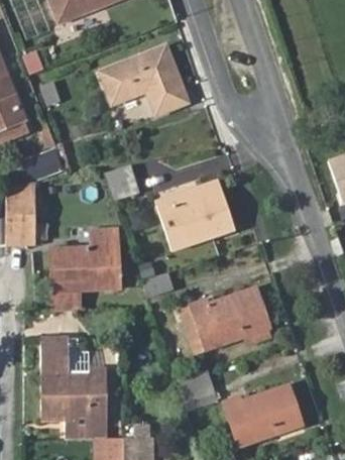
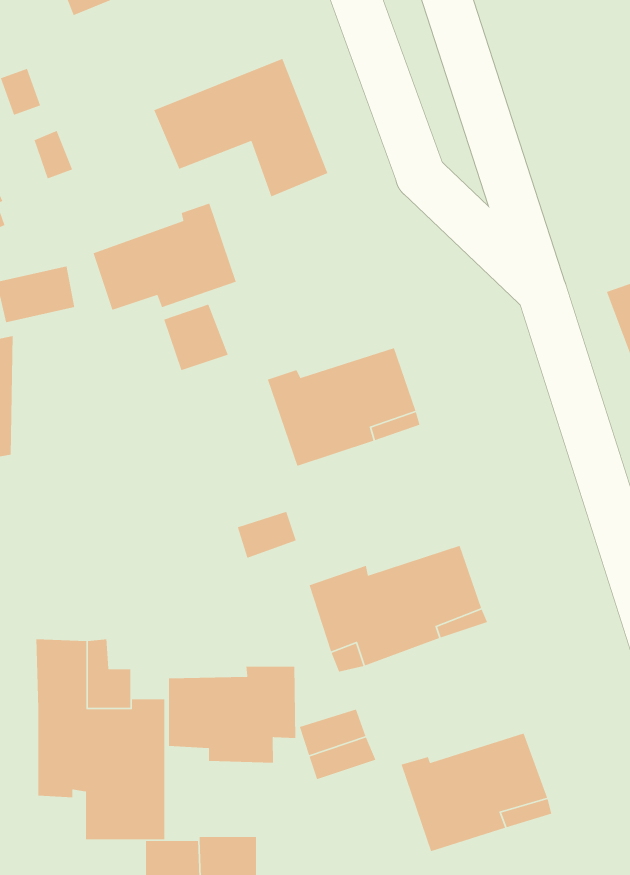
building: none -> [93,203,237,311]
building: [49,221,123,311] -> none
building: none -> [168,666,296,763]

